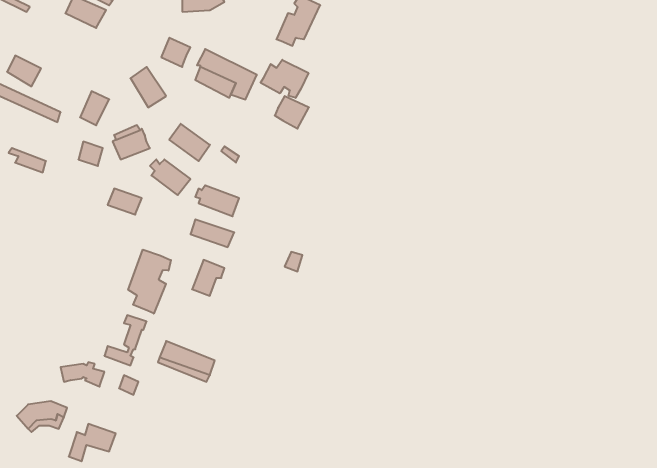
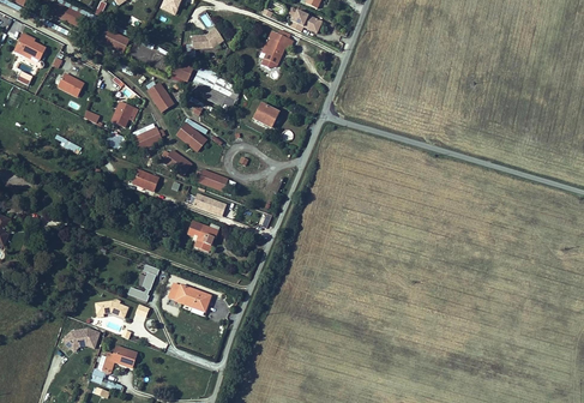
building: [261,60,308,98] -> none
building: [128,250,171,314] -> none

